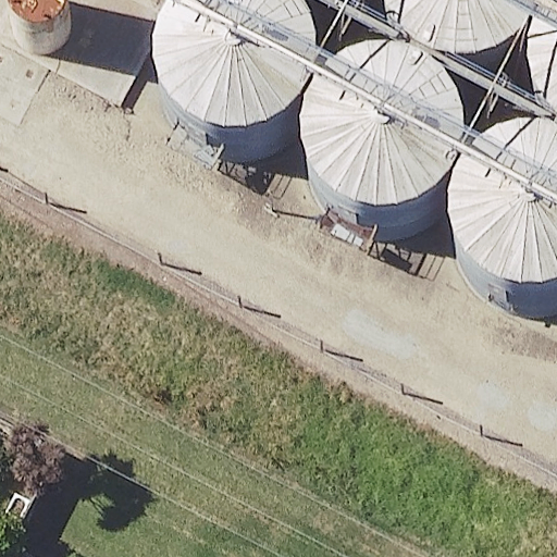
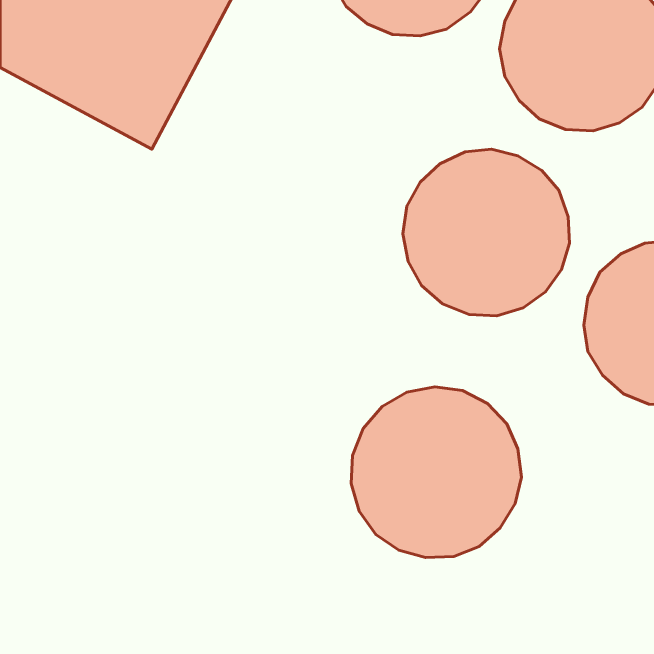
building: [207,46,344,182] -> none
building: none -> [351,387,522,558]

